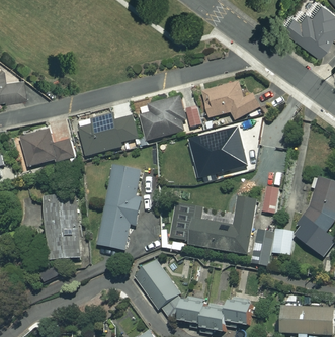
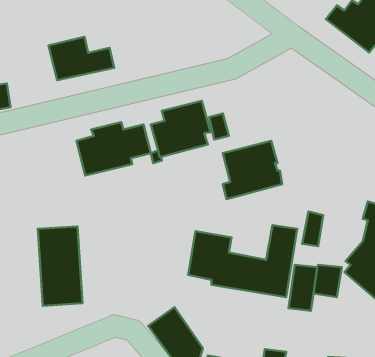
building: [202,82,261,119] -> none
building: [21,131,75,166] -> [49,37,114,80]
building: [98,165,143,251] -> none

